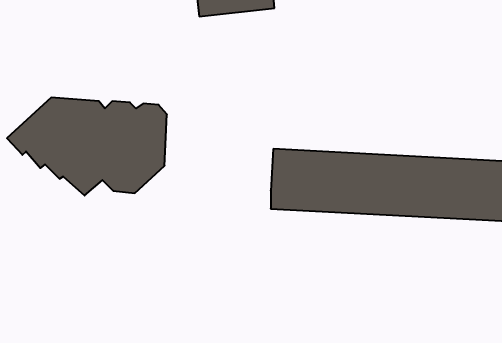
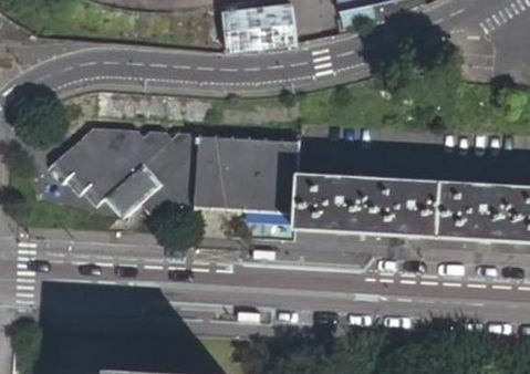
building: none -> [198,135,302,212]

